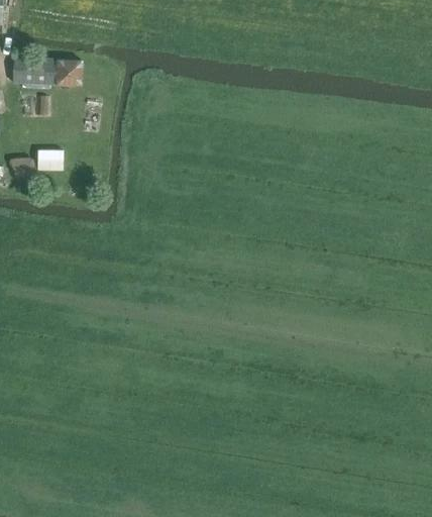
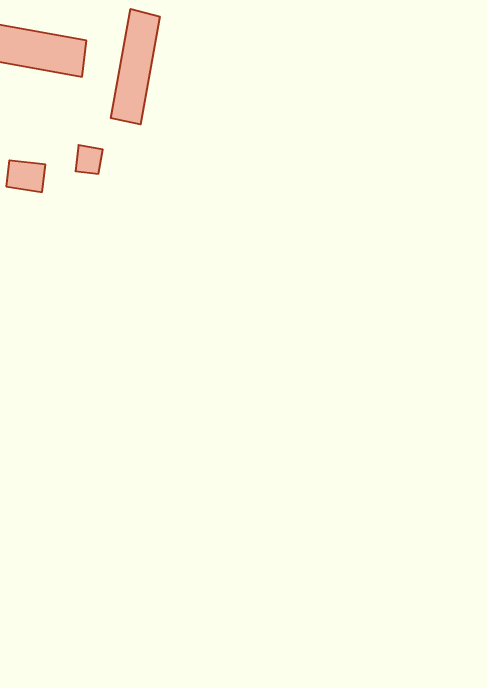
building: none -> [111,9,160,124]

